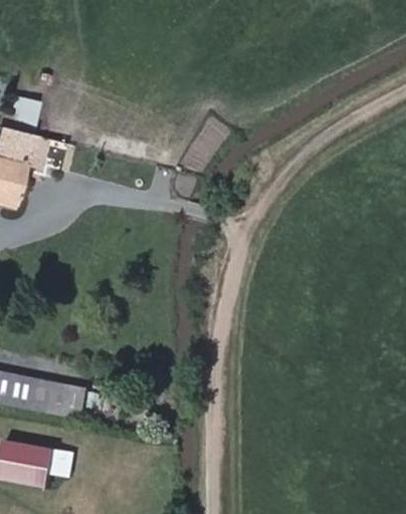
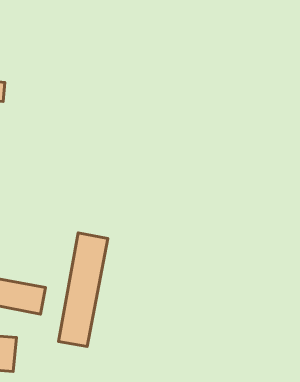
building: none -> [59,233,108,347]

